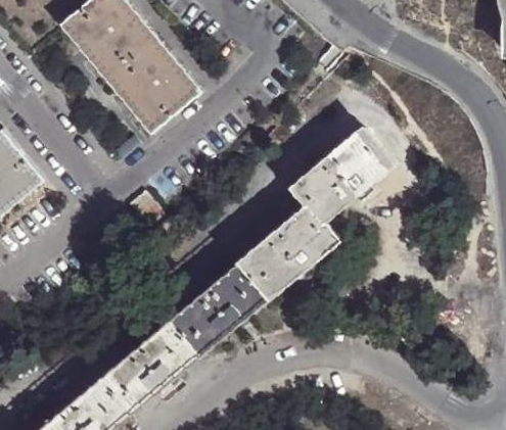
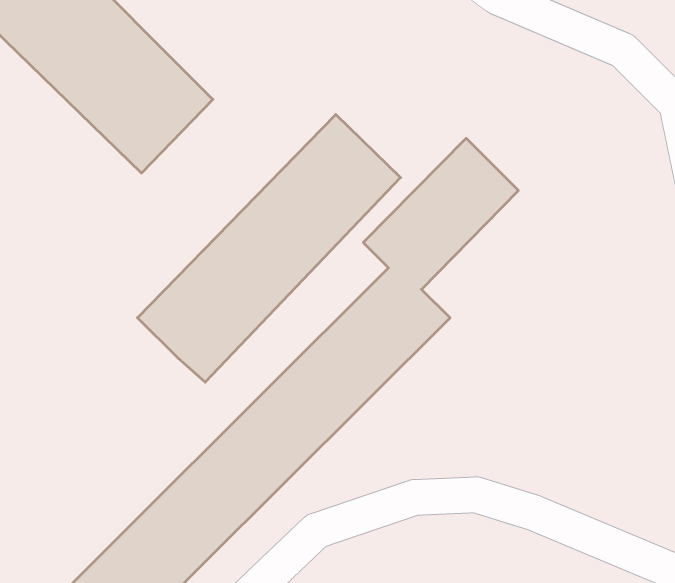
building: none -> [137,114,401,382]

